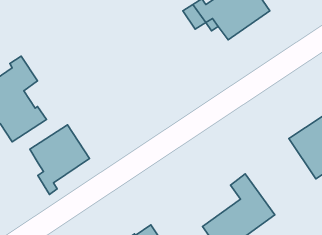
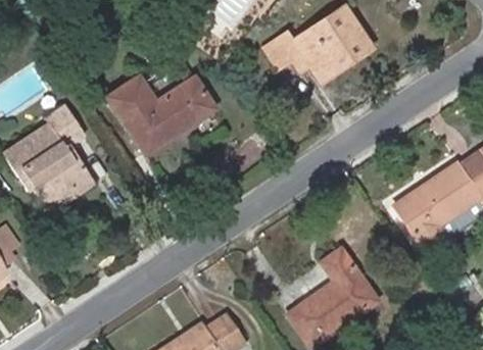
building: none -> [106,74,213,152]
building: [30,125,89,194] -> none

